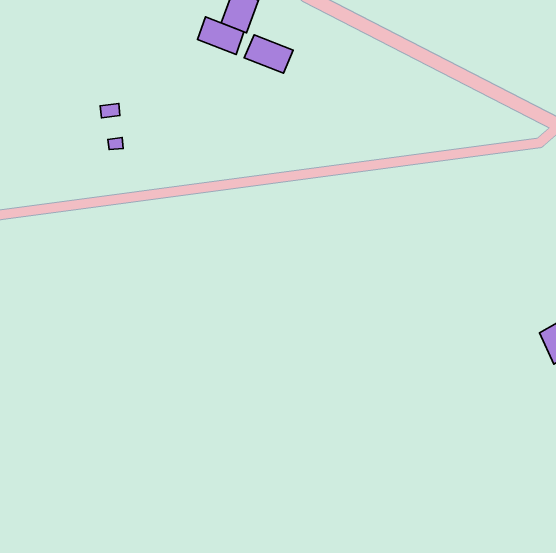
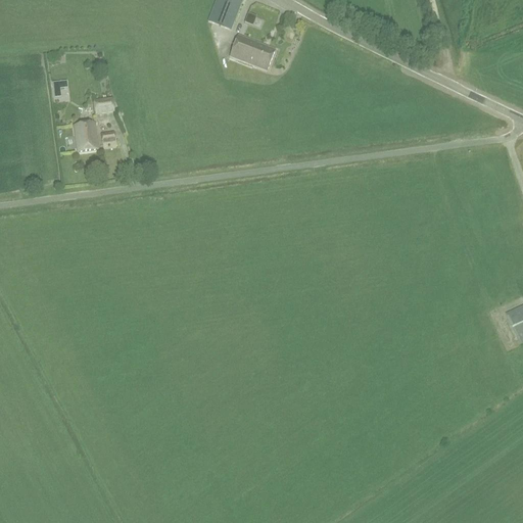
building: [197,17,244,54] -> none
building: none -> [74,121,98,149]

